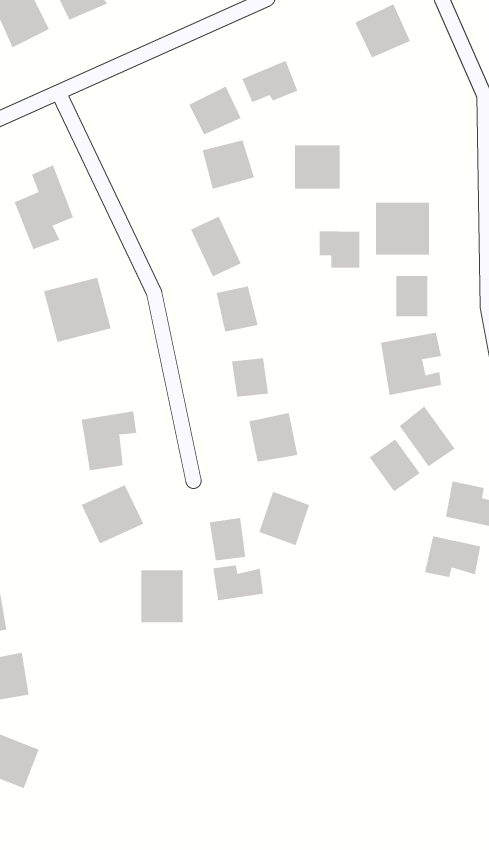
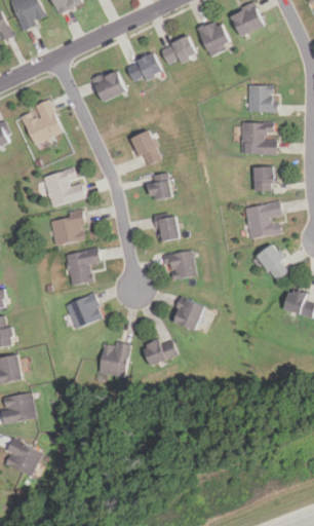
building: none -> [197,18,230,55]
building: [202,140,255,190] -> [92,71,124,101]
building: [294,145,340,189] -> [247,84,275,111]
building: [319,230,360,268] -> none
building: none -> [50,214,85,243]
building: [369,439,420,492] -> none
building: [209,517,246,561] -> none
building: [425,536,481,578] -> none

